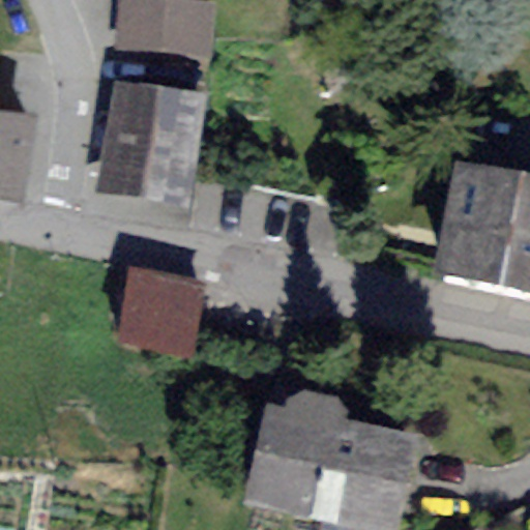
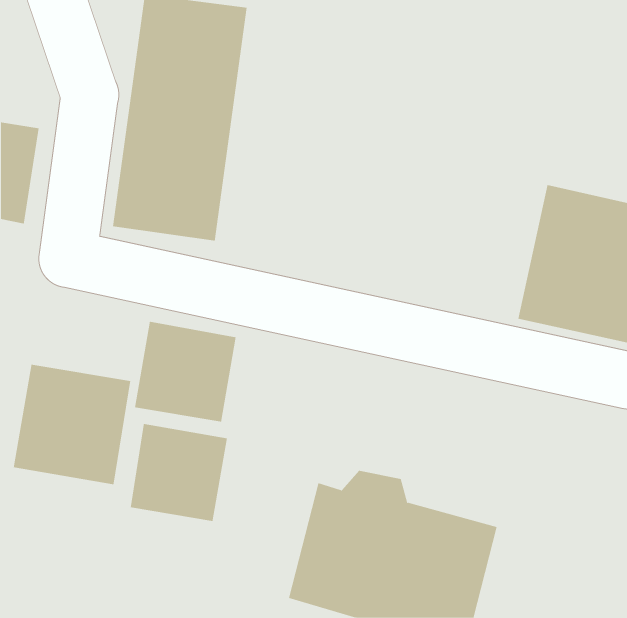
building: none -> [13,364,131,485]
building: none -> [130,423,228,522]

